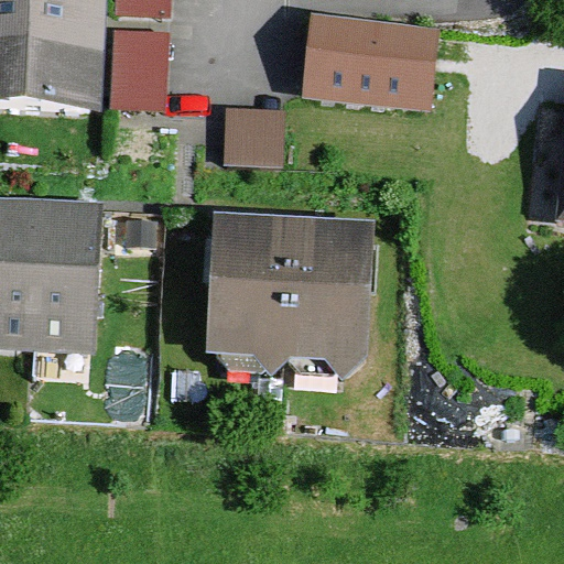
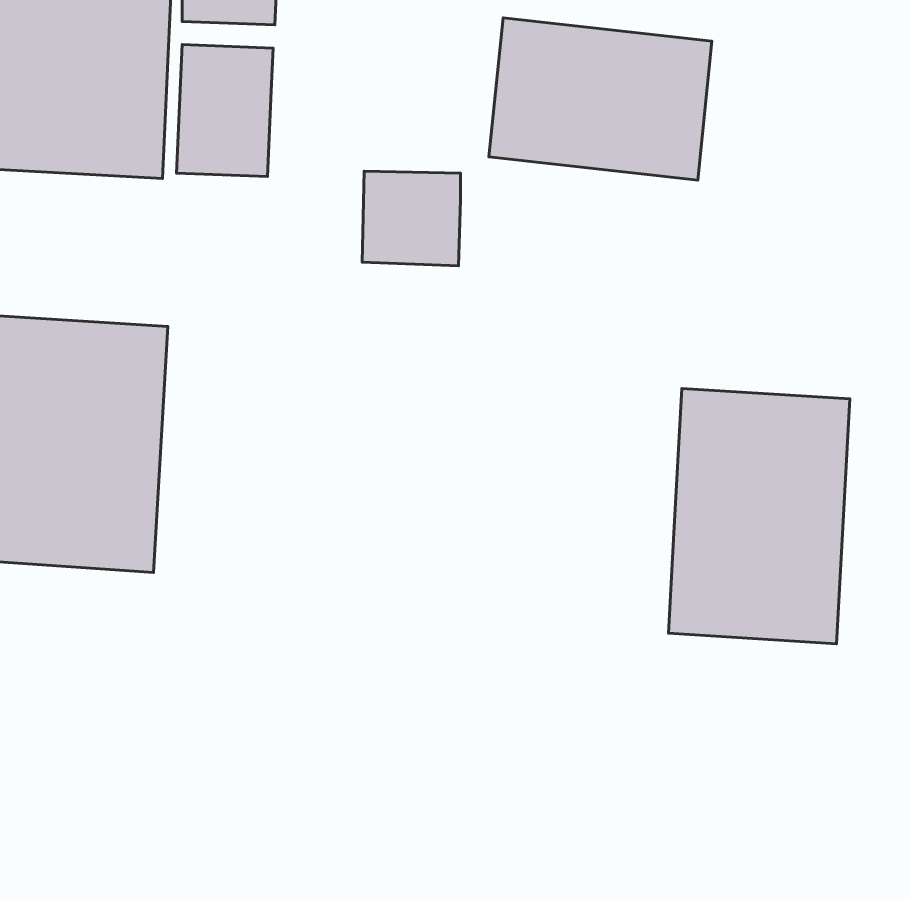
building: [204,215,375,382] -> none
building: none -> [669,388,850,644]

